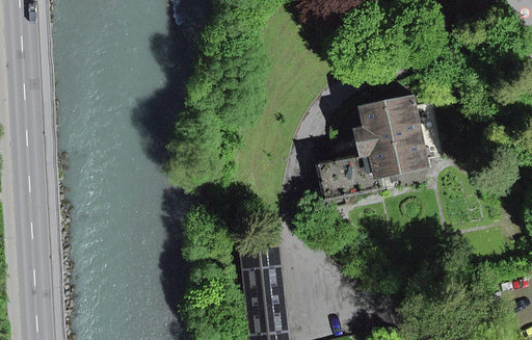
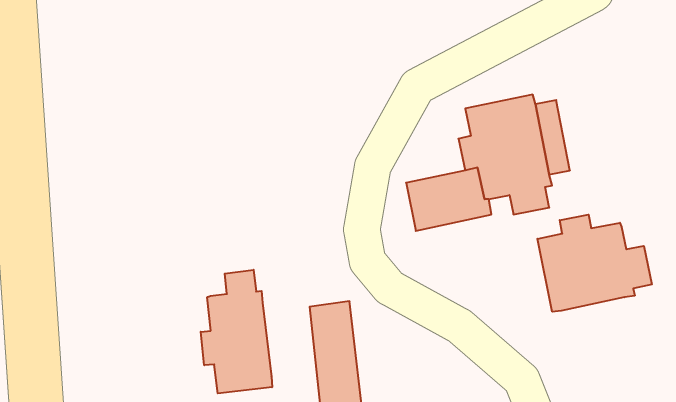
building: none -> [537,215,652,312]
building: none -> [201,270,272,393]

